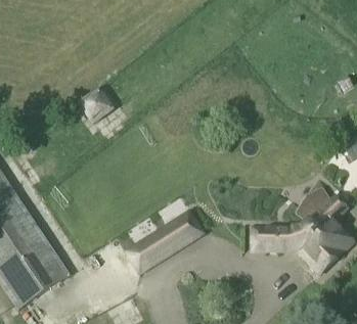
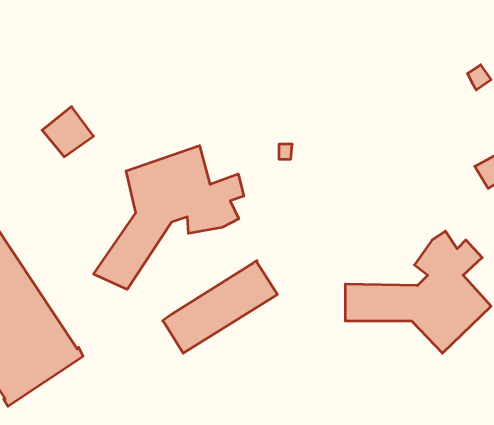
building: [79,86,115,121] -> [42,107,94,157]
building: none -> [94,146,244,289]

